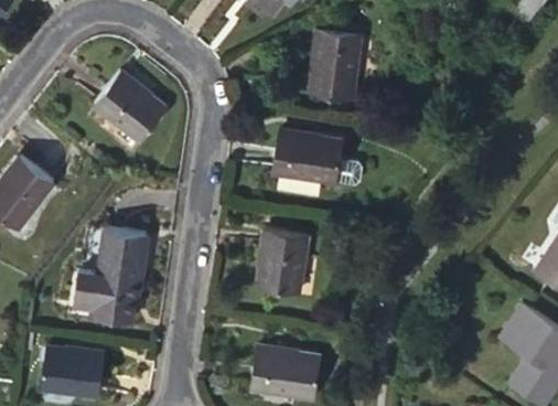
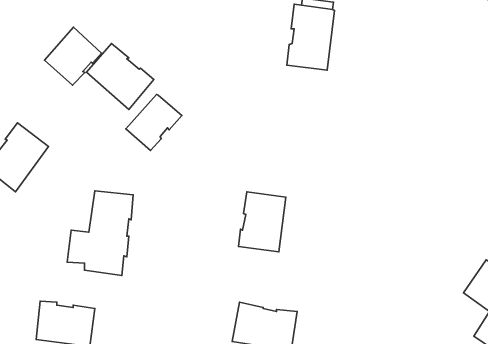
building: none -> [45,27,102,85]
building: none -> [126,94,182,150]
building: [272,133,362,186] -> none

